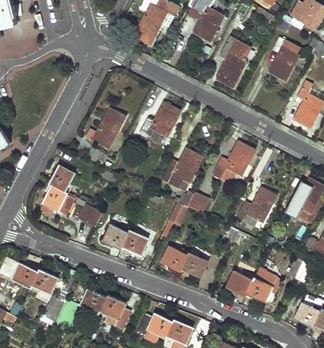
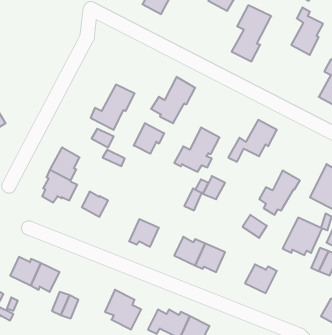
building: none -> [134,123,164,154]
building: [103,224,130,250] -> none
building: [245,269,281,303] -> [283,218,322,255]
building: [81,289,108,314] -> none

